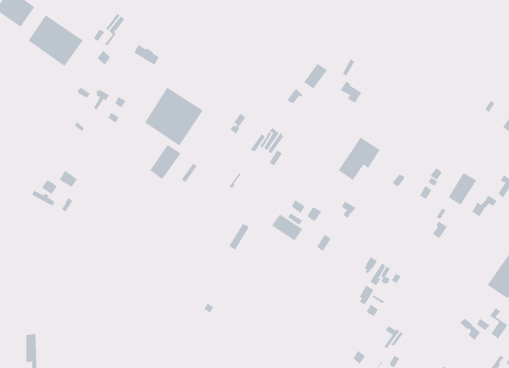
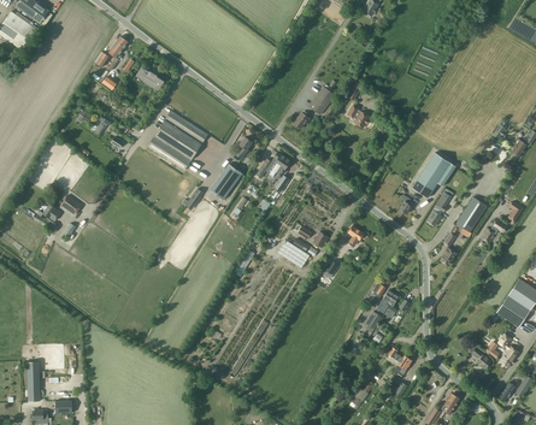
building: [28,14,83,67] -> none
building: [338,137,380,181] -> [412,153,455,197]
building: [149,144,181,180] -> [210,164,242,200]

